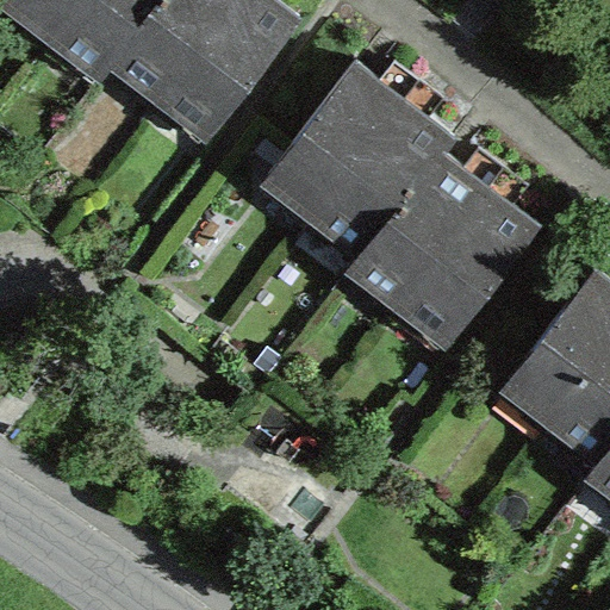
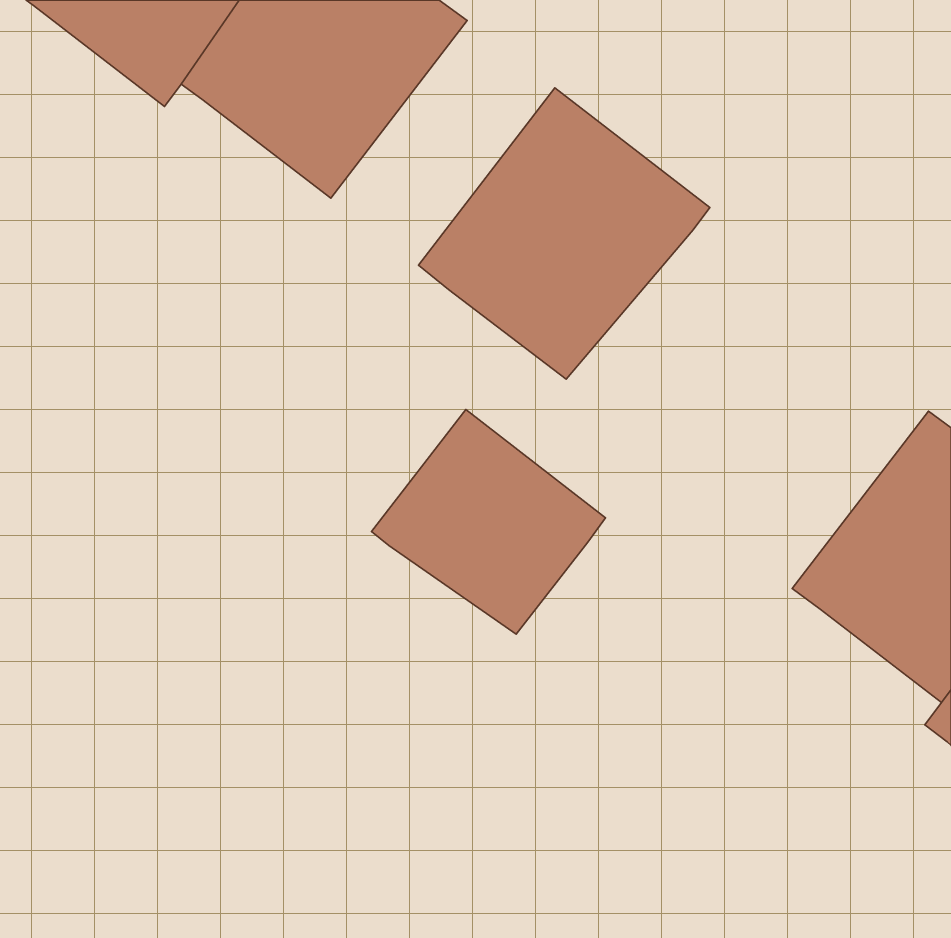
building: [350,157,536,343] -> none
building: none -> [372,410,606,634]

